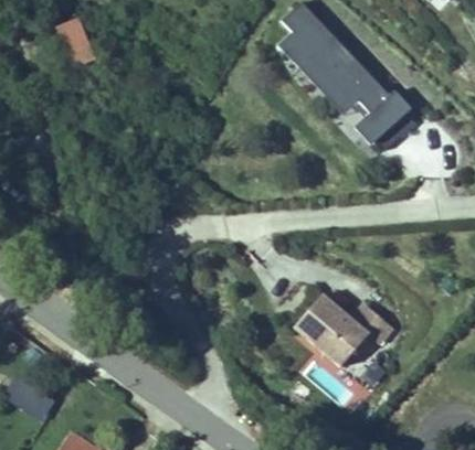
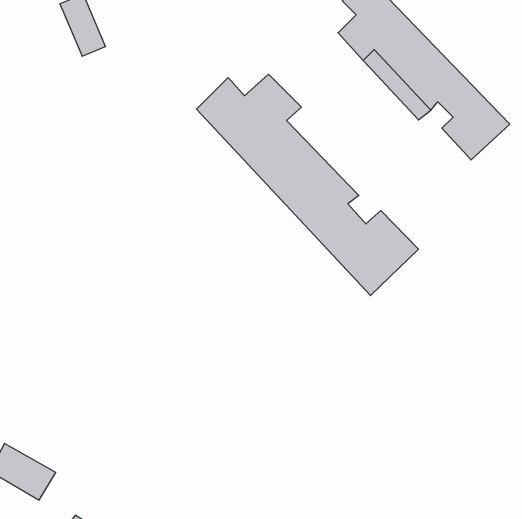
building: none -> [196,74,419,296]
building: [297,290,394,363] -> none

